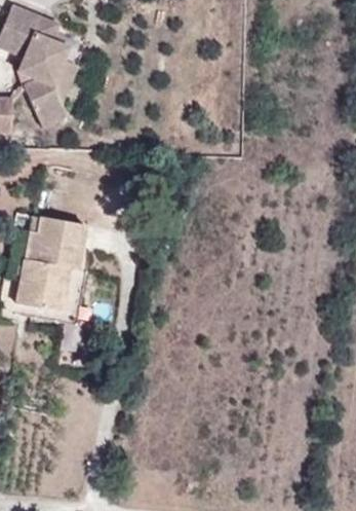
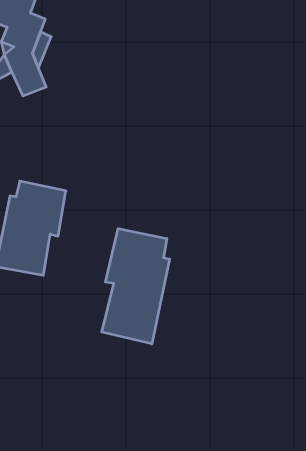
building: none -> [102,229,170,344]

